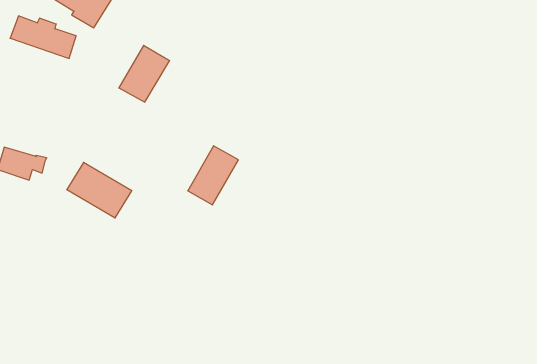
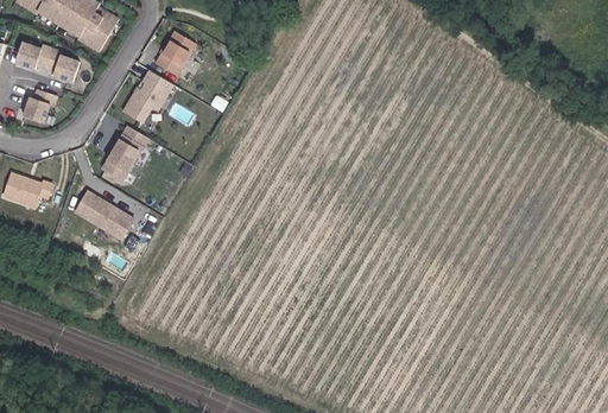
building: none -> [154,31,196,76]
building: none -> [20,88,57,123]
building: [188,146,238,205] -> [99,125,150,184]

